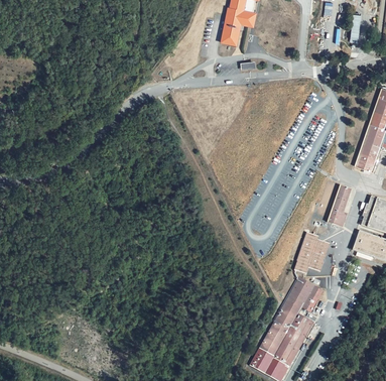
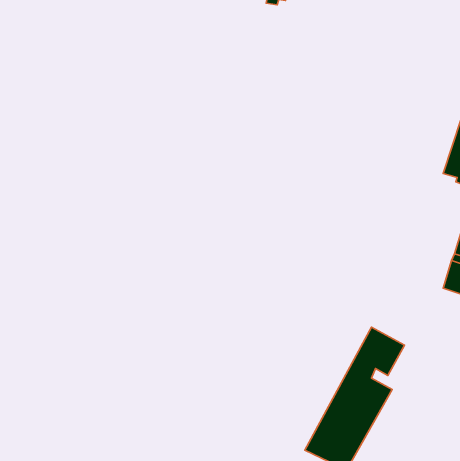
building: [325,190,348,230] -> none
building: [294,232,329,274] -> none

